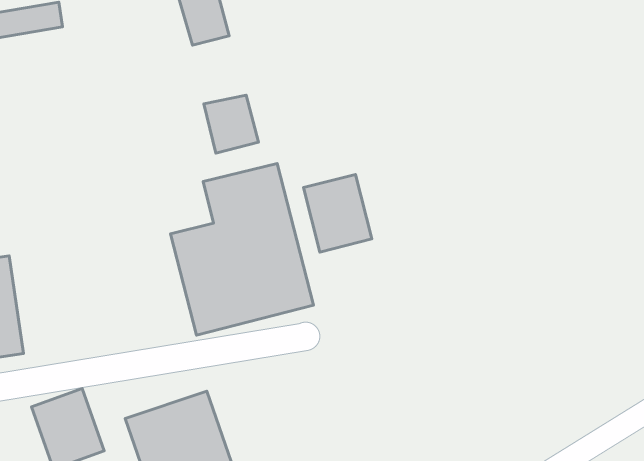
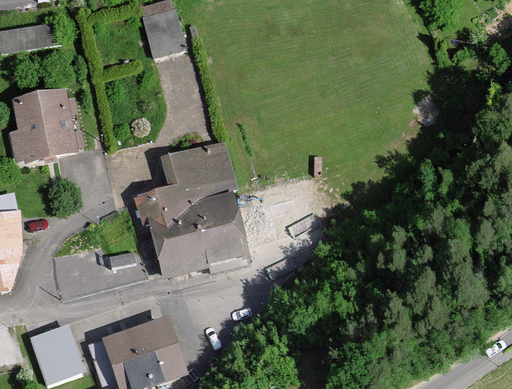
building: none -> [13,90,77,162]
building: [204,95,259,153] -> none
building: [303,175,372,252] -> none

